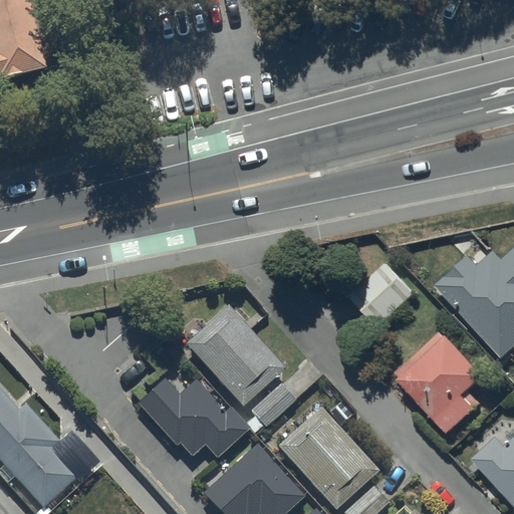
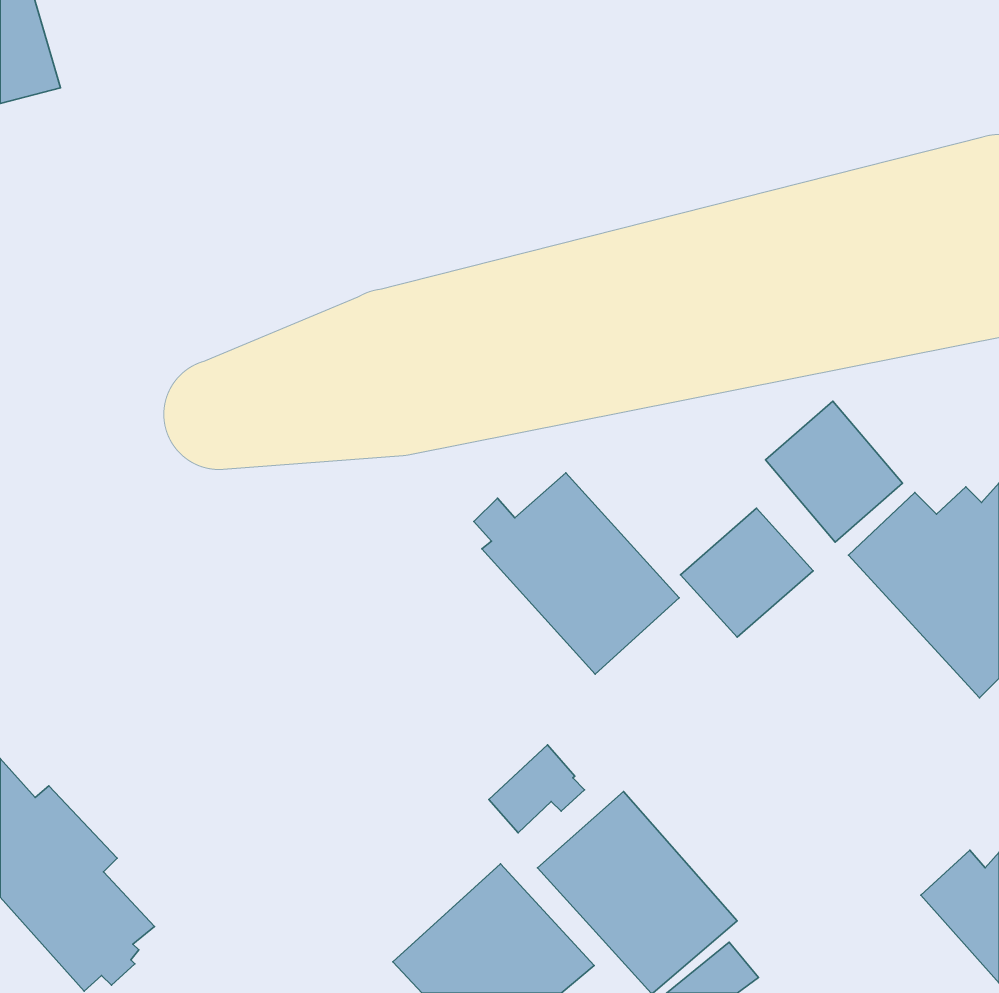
building: none -> [765,401,903,542]
building: [181,305,286,409] -> [474,473,679,674]
building: [394,330,487,435] -> none
building: [137,379,251,460] -> none

